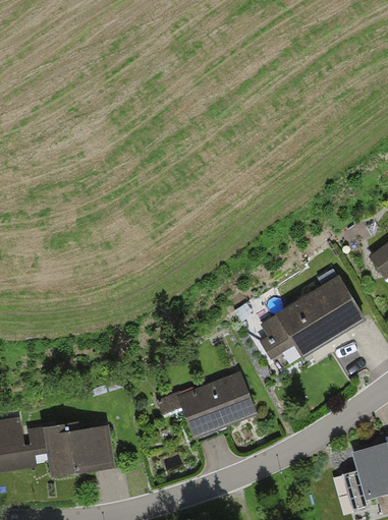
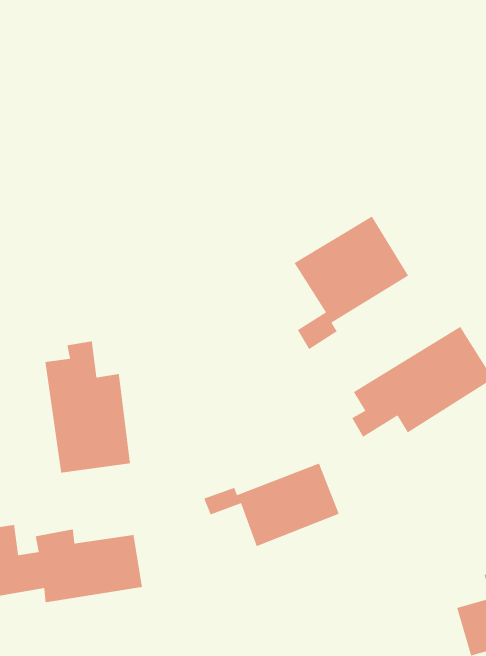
building: none -> [293,215,409,350]
building: none -> [45,341,131,474]

